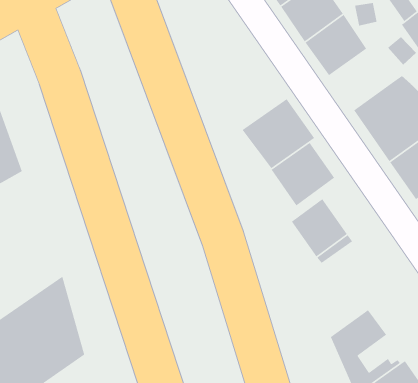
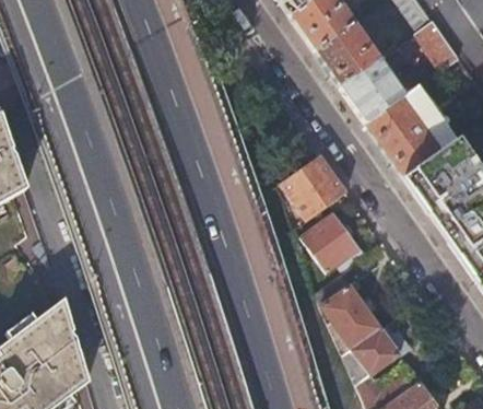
building: none -> [341,59,405,122]
building: [241,98,315,169] -> none
building: none -> [321,285,381,357]

